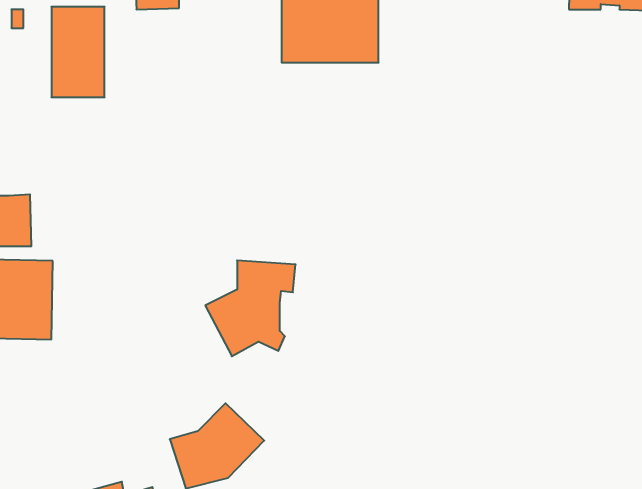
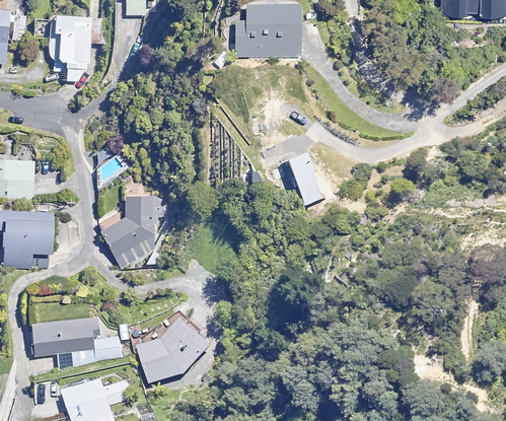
building: none -> [290,153,324,204]
building: [205,260,296,356] -> [100,194,169,267]
building: none -> [31,317,121,371]

